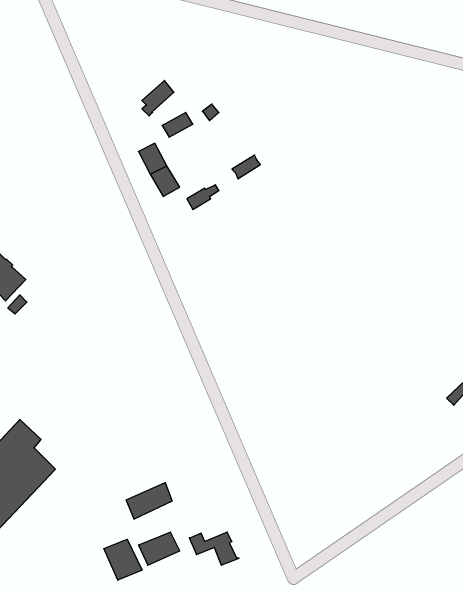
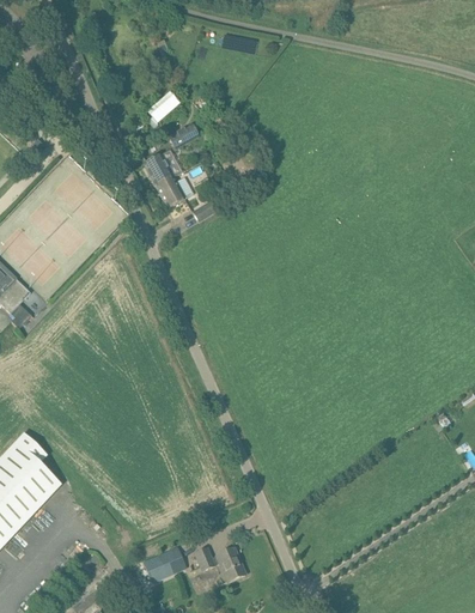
building: [126,483,172,519] -> none
building: [104,539,142,580] -> none

